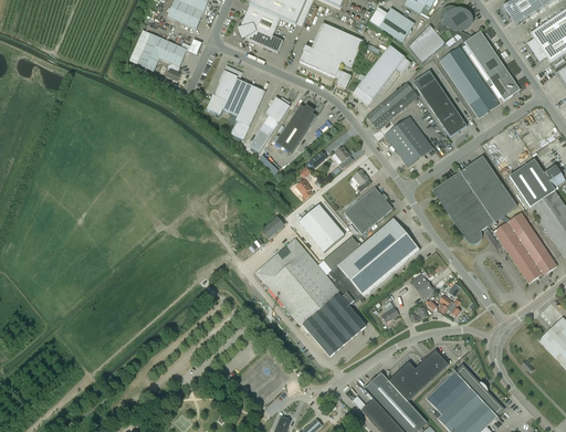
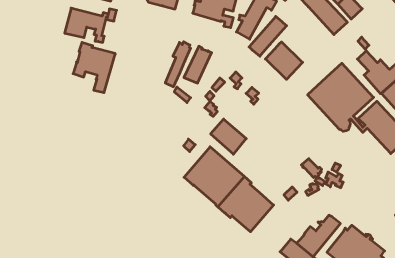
building: [207,70,265,139] -> [73,42,115,93]
building: [413,71,467,137] -> none
building: [344,187,392,234] -> none
building: [324,218,419,307] -> none

